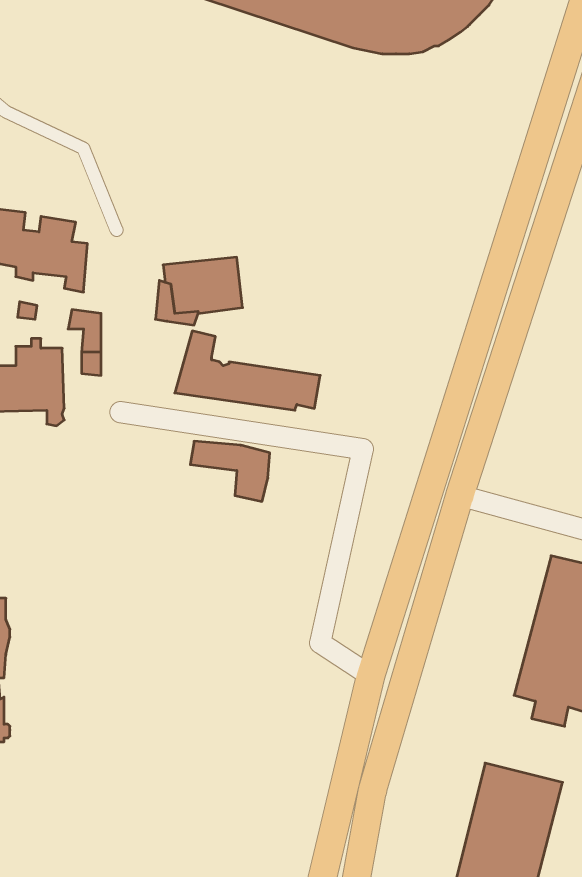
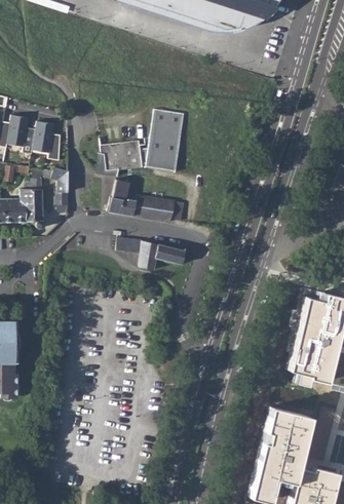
building: none -> [147,110,185,171]
building: none -> [156,243,184,264]

